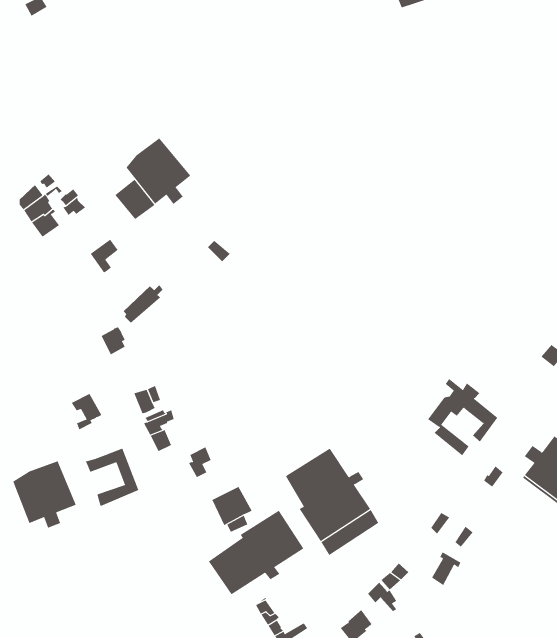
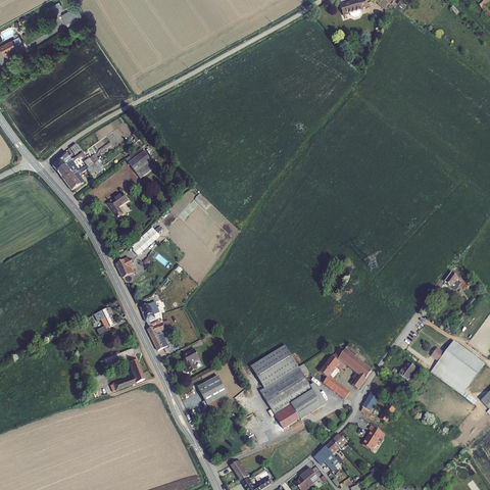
building: [126,137,191,205] -> none
building: [427,378,498,456] -> [318,340,372,398]
building: [13,461,77,528] -> none
building: [208,510,304,595] -> none

